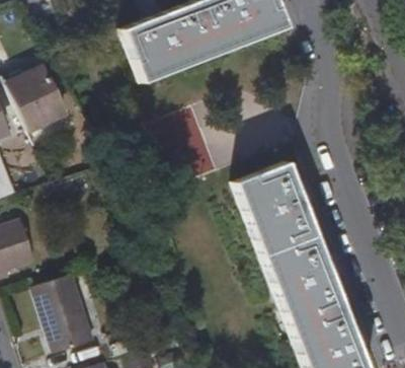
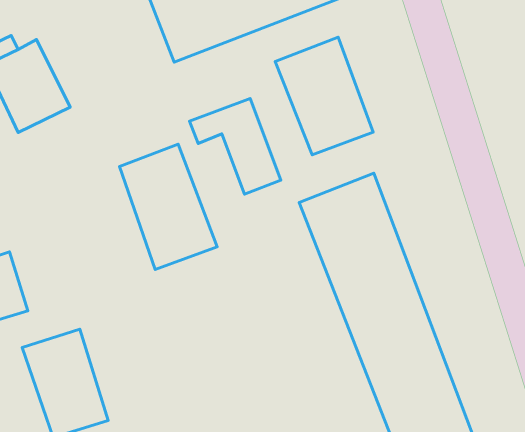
building: none -> [275,37,373,155]
building: none -> [120,144,217,270]

